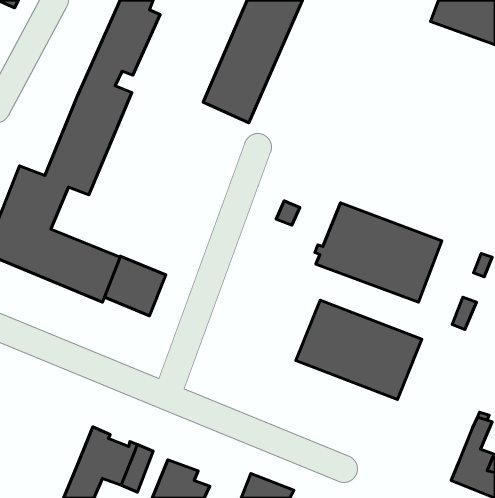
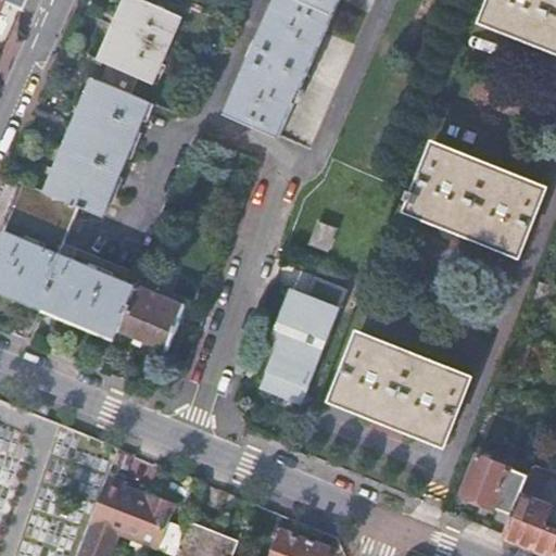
building: [315,203,442,302] -> [403,144,544,255]
building: none -> [260,281,340,405]
building: none -> [460,455,526,515]

